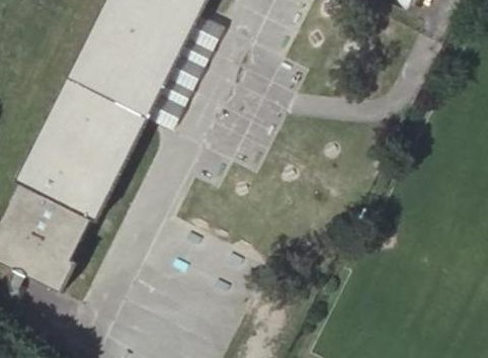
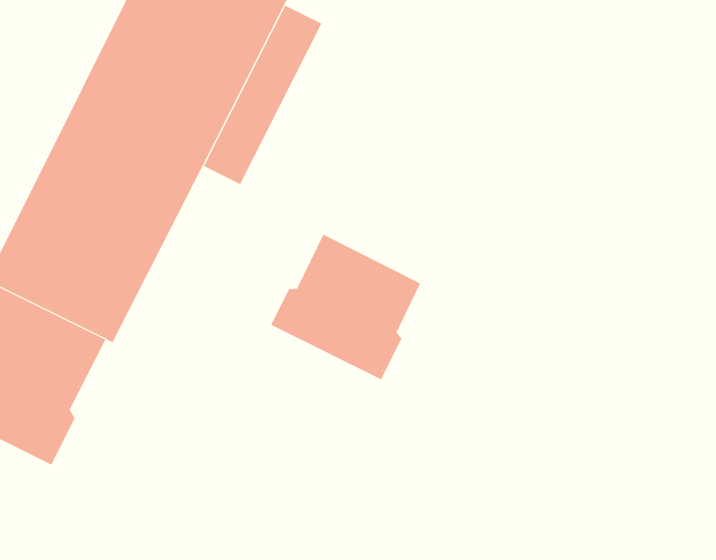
building: none -> [271,234,421,380]

